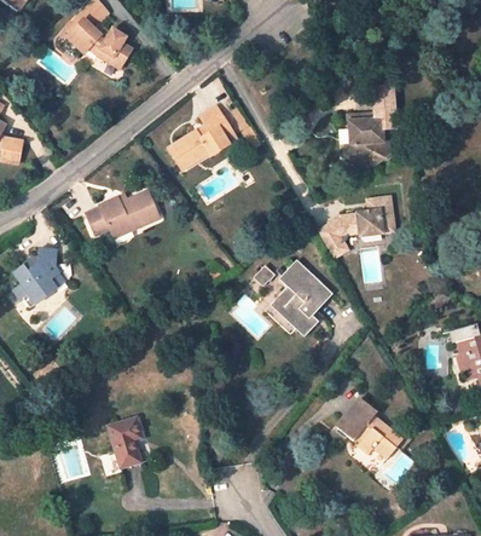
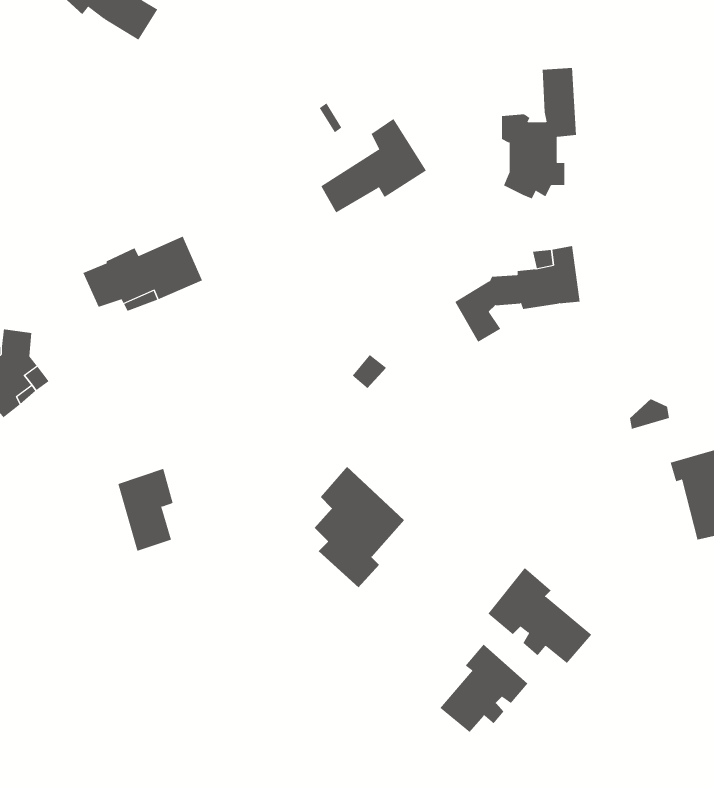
building: [169,105,236,165] -> [320,118,427,213]
building: [276,259,332,335] -> [314,466,405,588]
building: [108,416,143,468] -> [117,468,174,552]
building: none -> [440,644,528,733]

